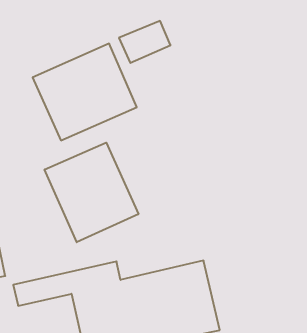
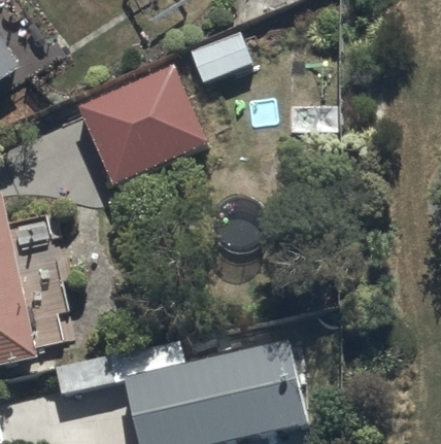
building: [45,143,138,242] -> none

